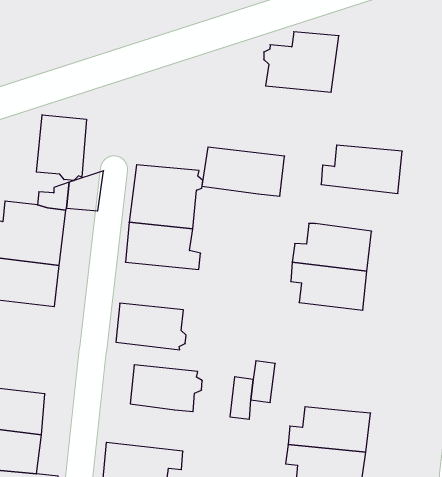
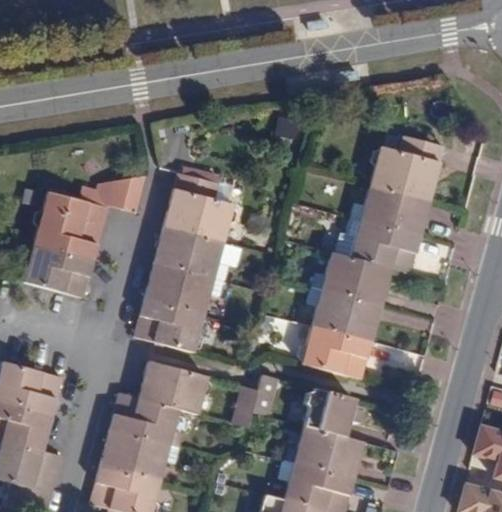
building: [264,32,339,92] -> [369,136,445,198]
building: [36,115,86,181] -> none
building: [202,147,285,196] -> [338,218,420,274]
building: none -> [143,264,222,317]
building: none -> [299,326,371,379]
building: none -> [303,389,359,435]
building: none -> [111,394,185,450]

